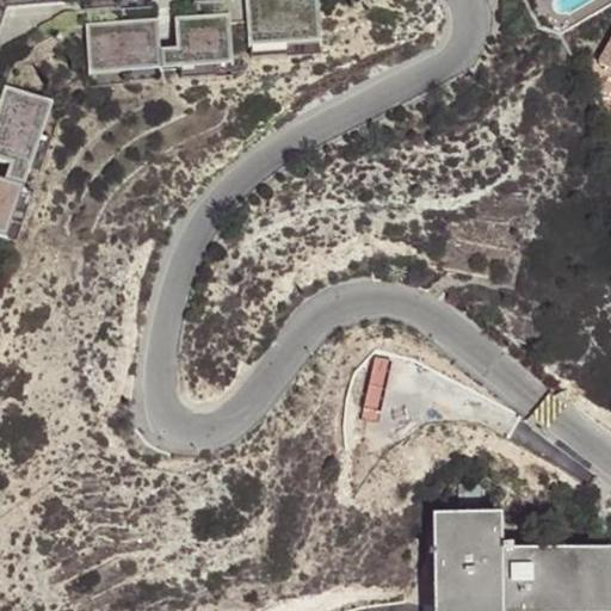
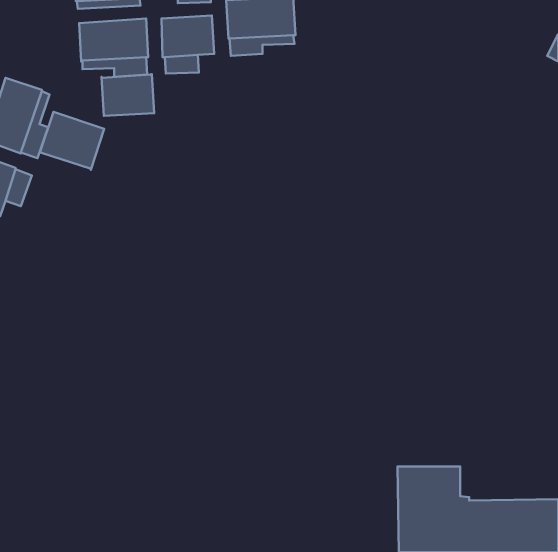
building: none -> [102,74,154,116]
building: none -> [40,112,104,170]

